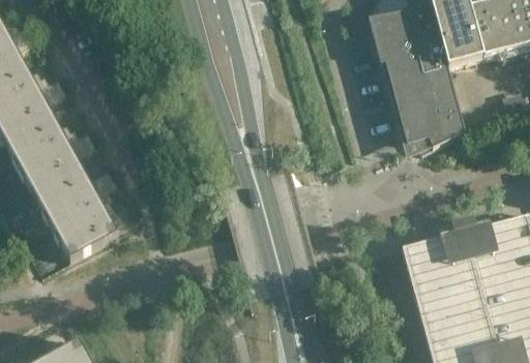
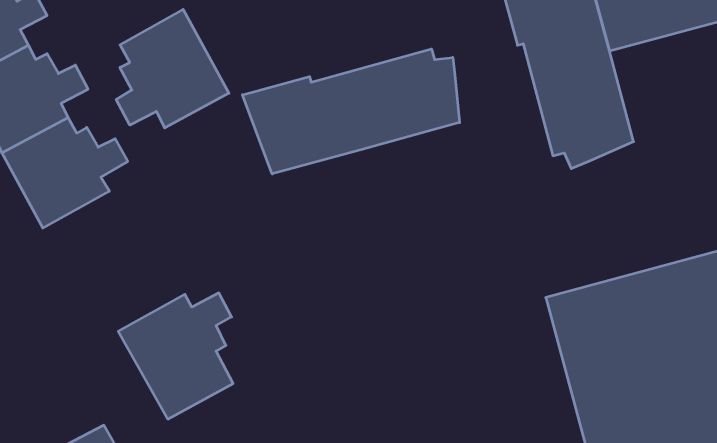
building: none -> [116,9,229,128]
building: none -> [242,49,460,174]
building: [33,168,117,260] -> [118,293,233,419]

